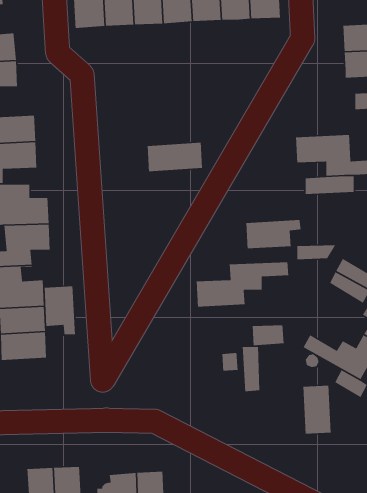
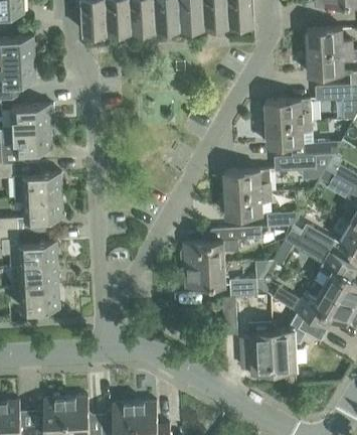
building: none -> [260,100,311,124]
building: [147,142,203,172] -> [223,170,270,195]
building: [44,286,76,335] -> none
building: none -> [184,264,225,288]
building: none -> [239,331,274,373]

